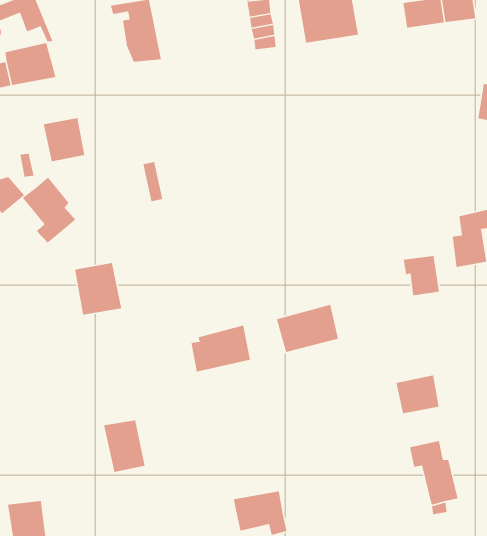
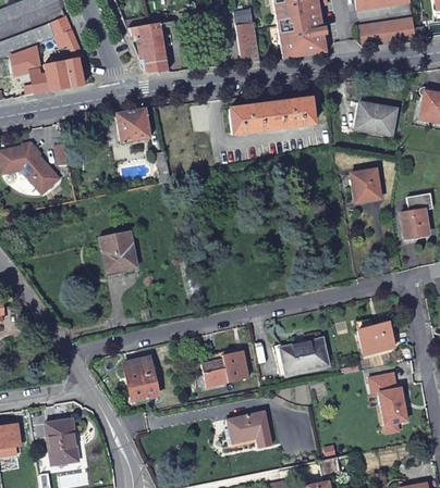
building: none -> [228,97,311,133]
building: none -> [355,100,396,134]
building: [43,117,85,162] -> [117,105,150,141]
building: [22,177,76,244] -> none
building: [403,255,440,296] -> [351,168,380,201]
building: [276,304,339,353] -> [278,336,328,375]
building: [191,325,251,372] -> [198,349,246,387]

